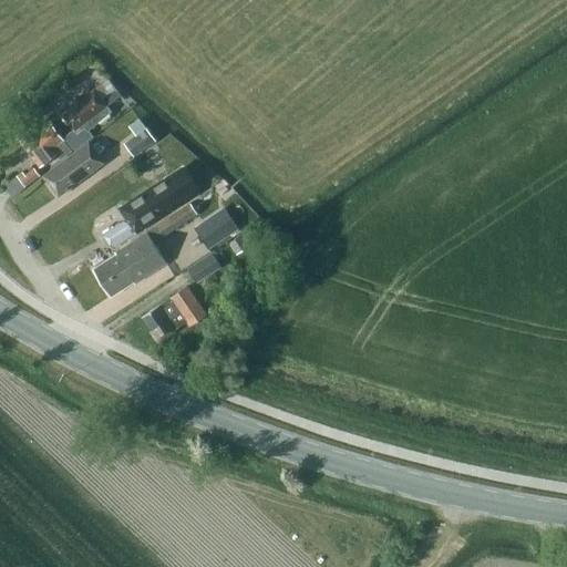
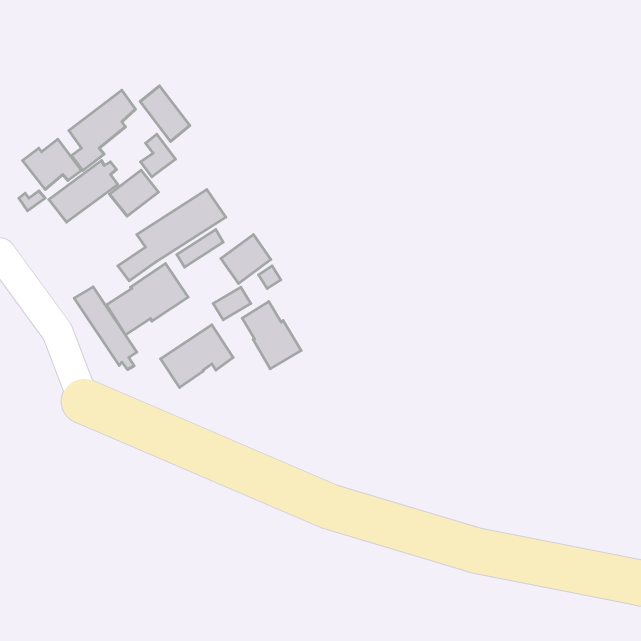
building: none -> [140,86,190,142]
building: none -> [110,170,159,216]
building: none -> [74,287,137,369]
building: none -> [242,302,301,369]

